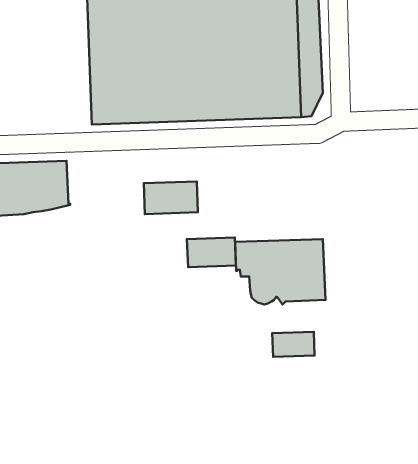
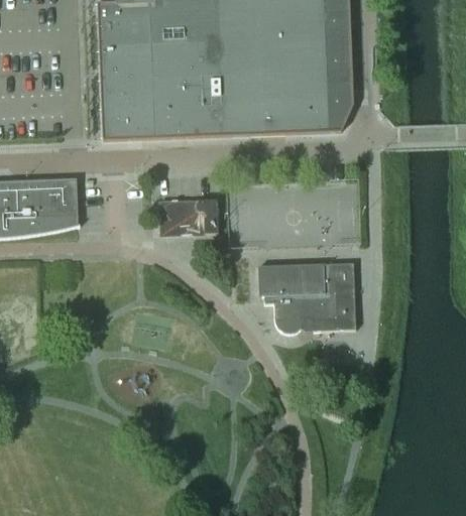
building: [187,238,236,267] -> none
building: [272,332,315,357] -> none

